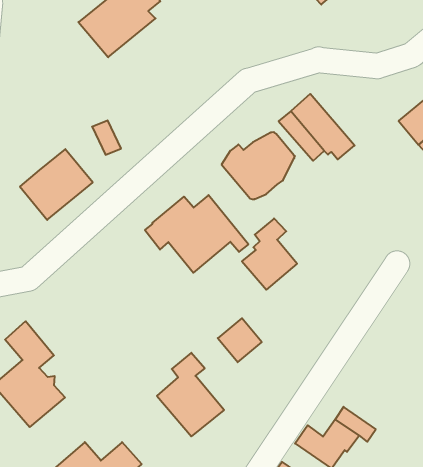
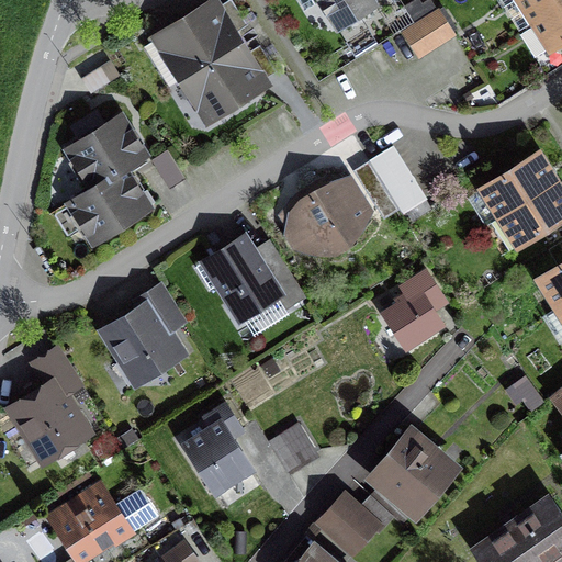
building: none -> [182,45,276,122]
building: none -> [67,117,144,189]
building: [242,218,297,290] -> [383,273,441,348]
building: none -> [105,285,183,382]
building: [218,318,262,362] -> [269,426,315,472]
building: none -> [375,436,449,509]

